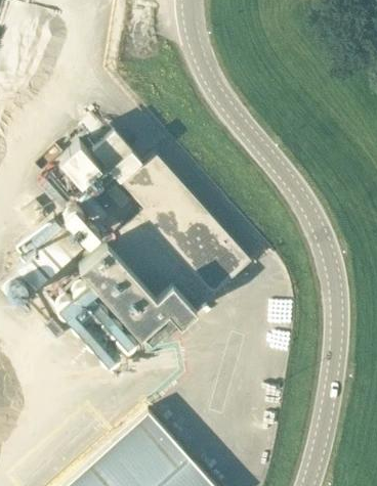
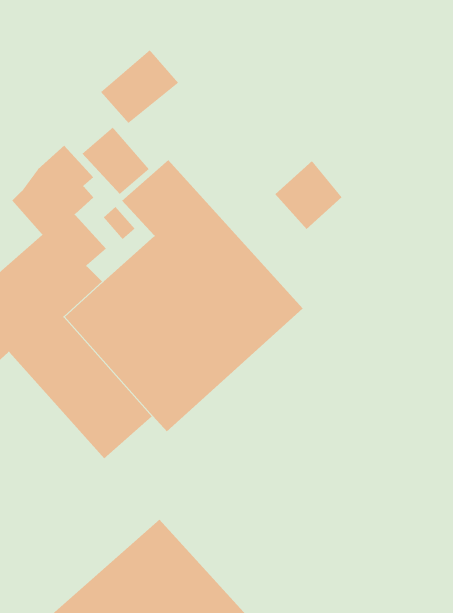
building: none -> [100,49,179,124]
building: none -> [274,160,343,230]

